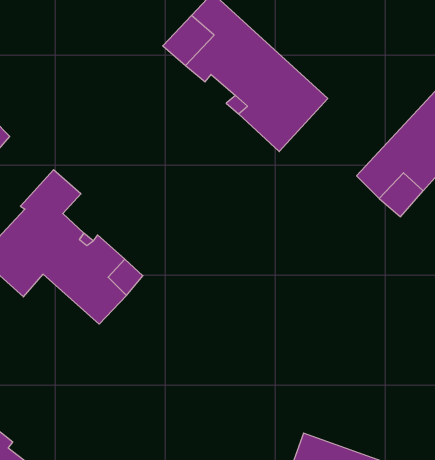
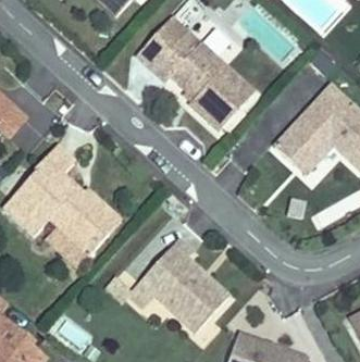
building: none -> [139,240,229,333]

